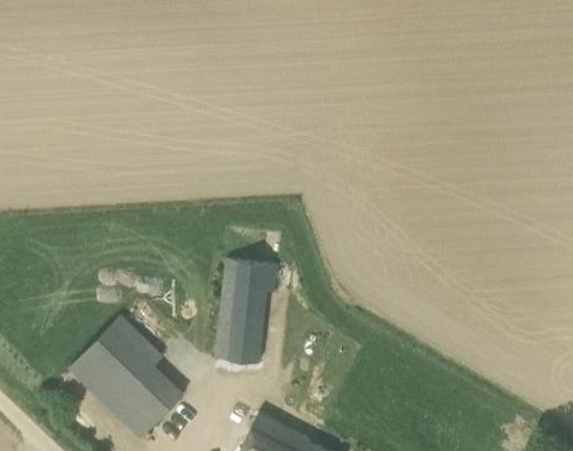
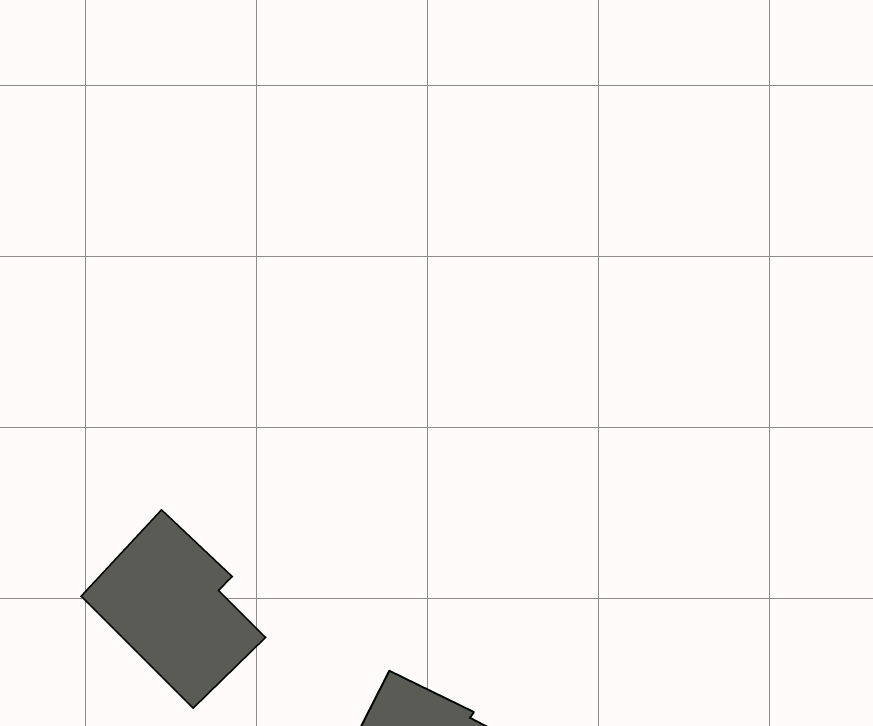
building: [214,260,276,361] -> none

